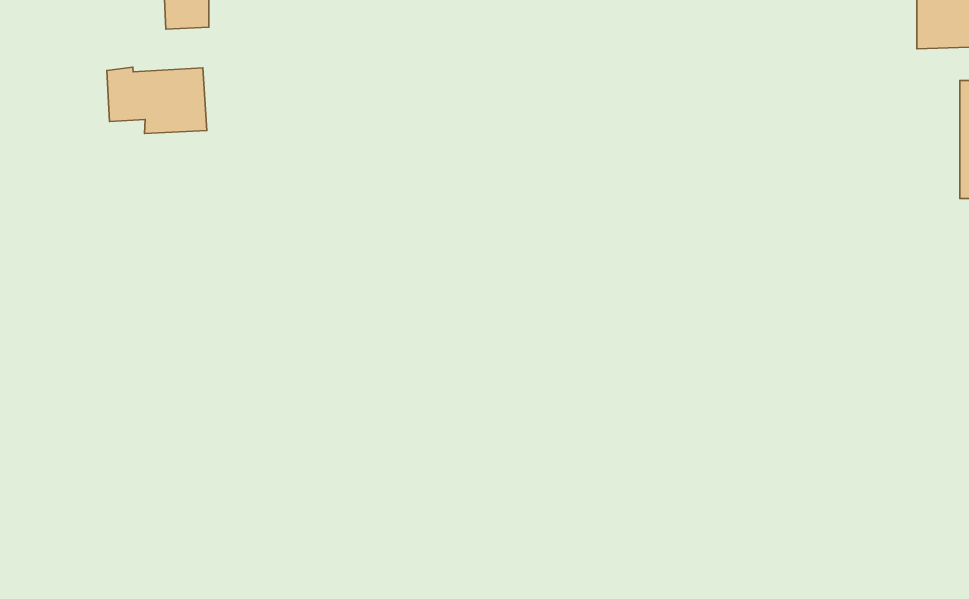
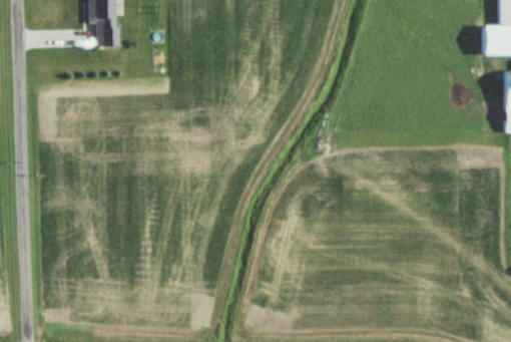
building: [107,67,207,134] -> none

